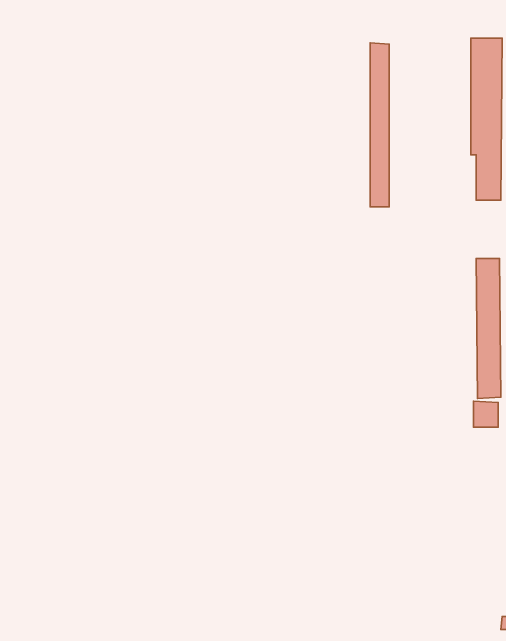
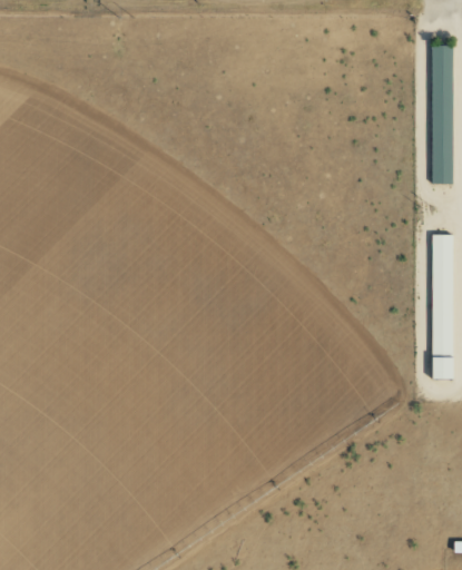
building: [370,43,389,207] -> none

